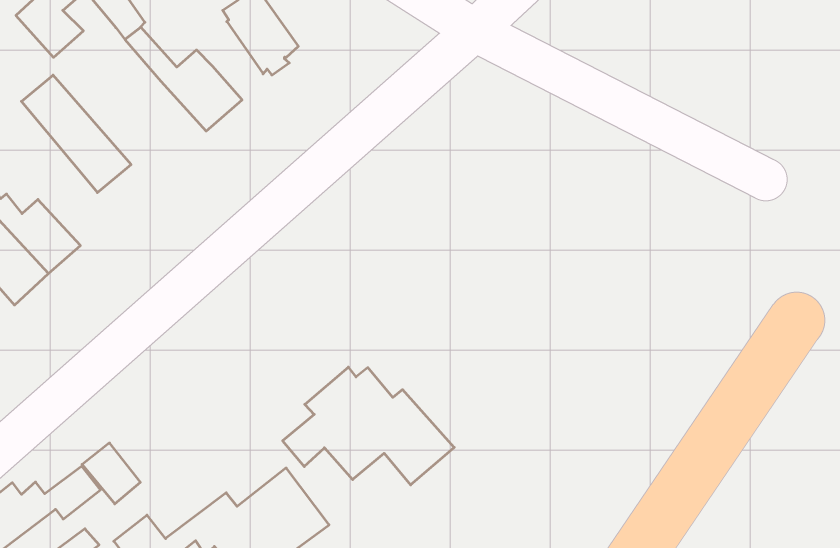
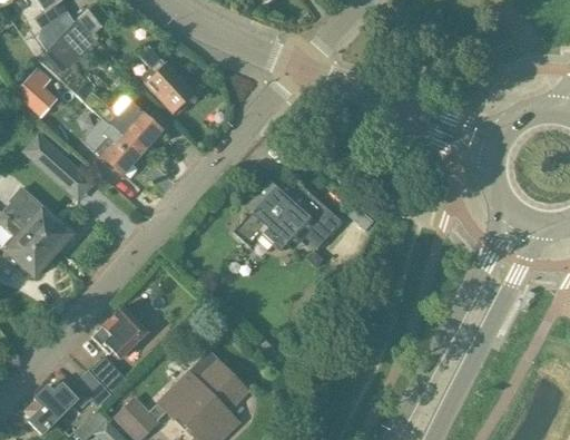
building: none -> [94,125,140,175]
building: [283,367,454,485] -> [236,178,344,250]
building: none -> [90,306,146,358]

